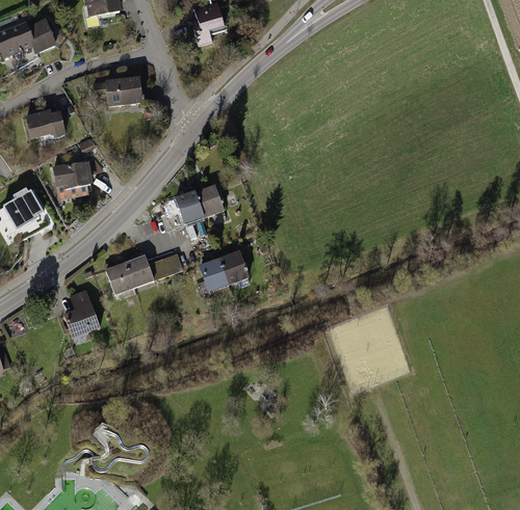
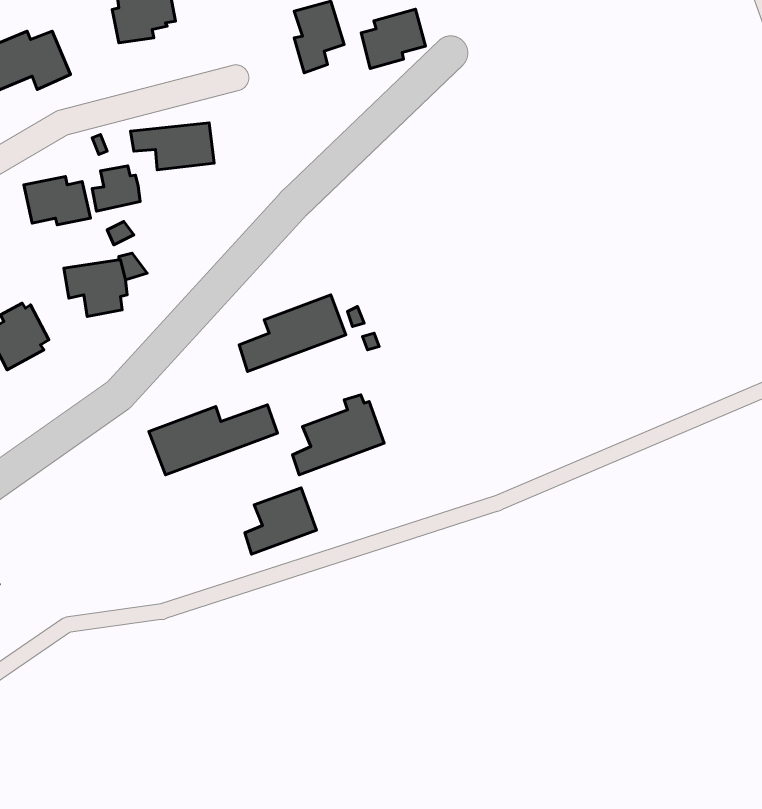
building: none -> [361,9,425,69]
building: none -> [92,166,140,211]
building: [61,288,101,339] -> none
building: none -> [245,488,316,554]

